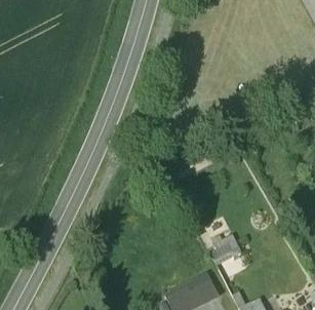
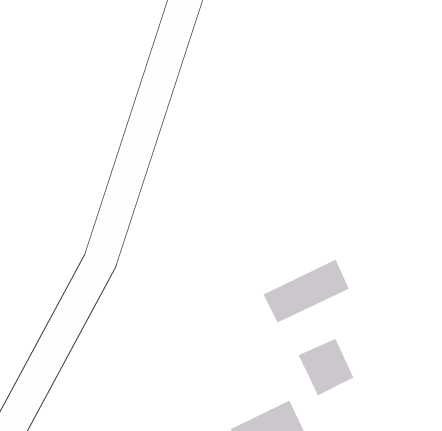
building: none -> [262,258,350,324]

